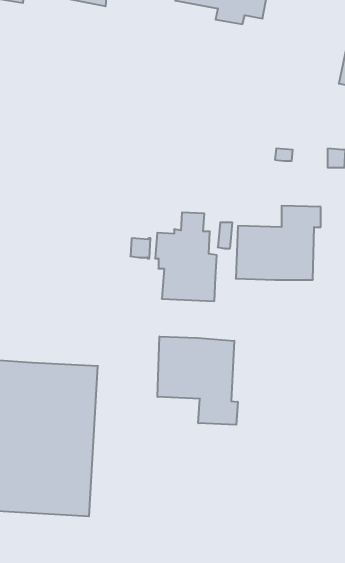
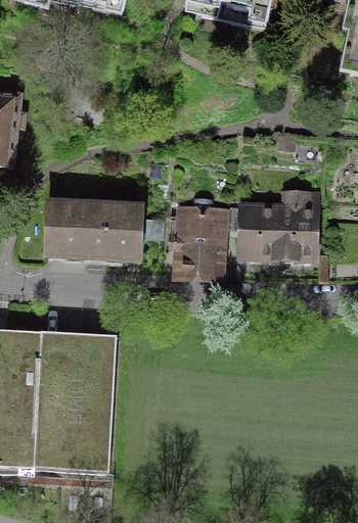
building: none -> [48,203,143,262]
building: [158,336,238,425] -> none

